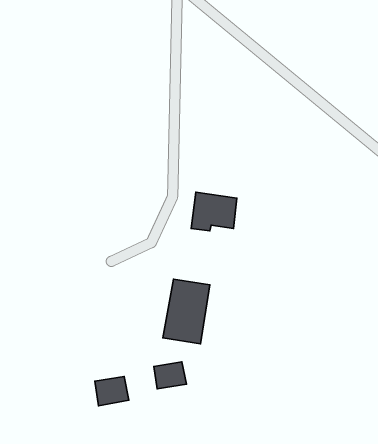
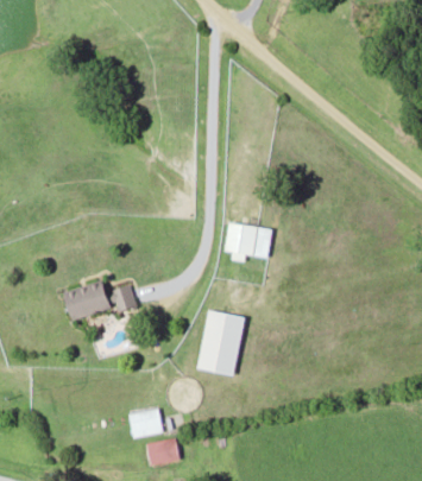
building: none -> [64,280,134,321]
building: [154,362,187,389] -> [146,438,179,466]

